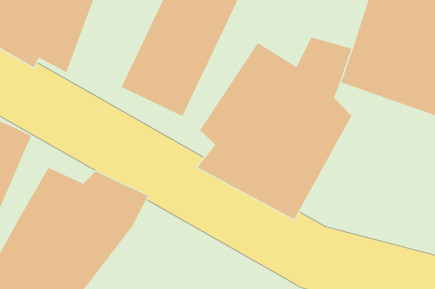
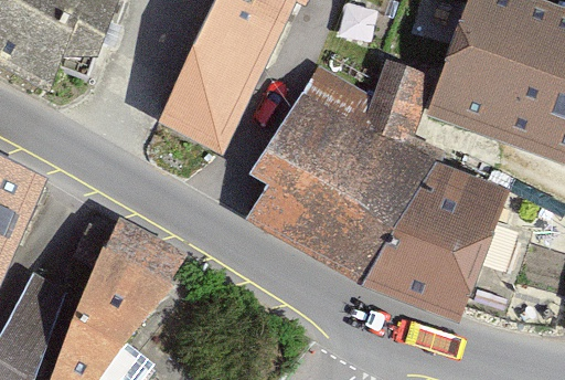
building: none -> [364,157,509,317]

